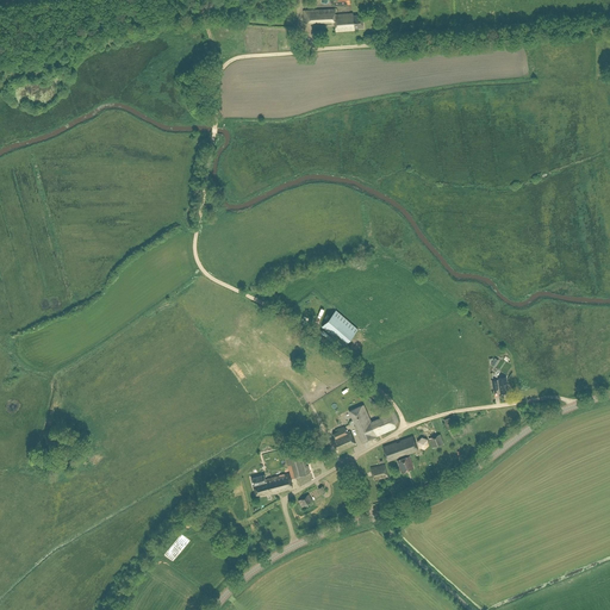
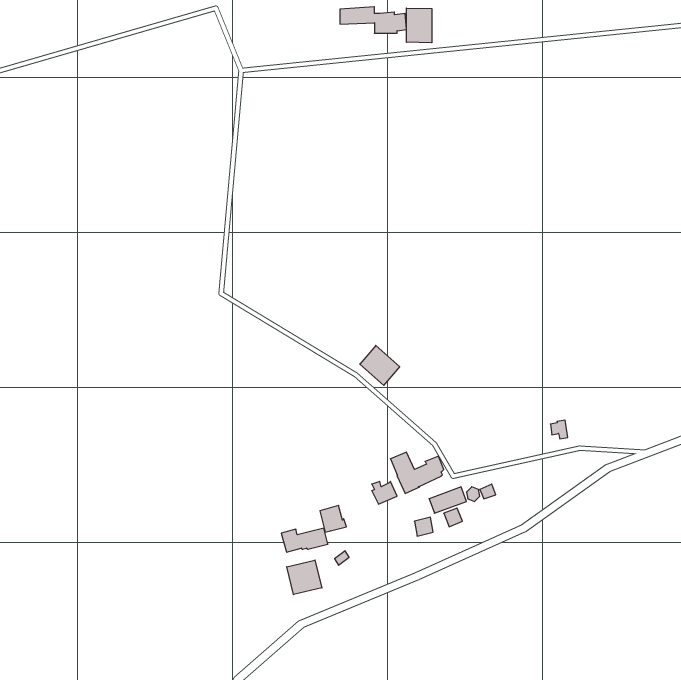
building: none -> [406,8,432,43]
building: none -> [287,560,322,595]

